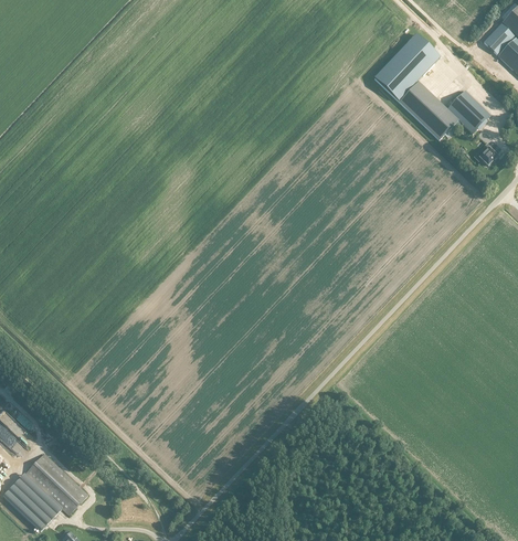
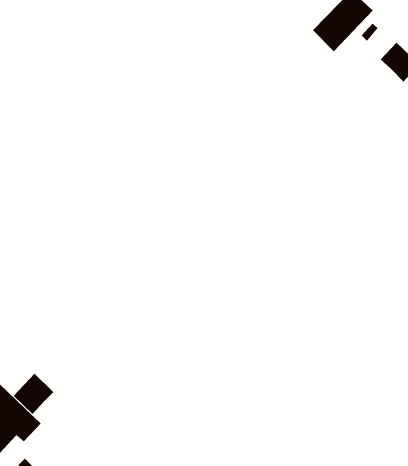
building: [399,81,463,139] -> none
building: none -> [13,373,54,415]

